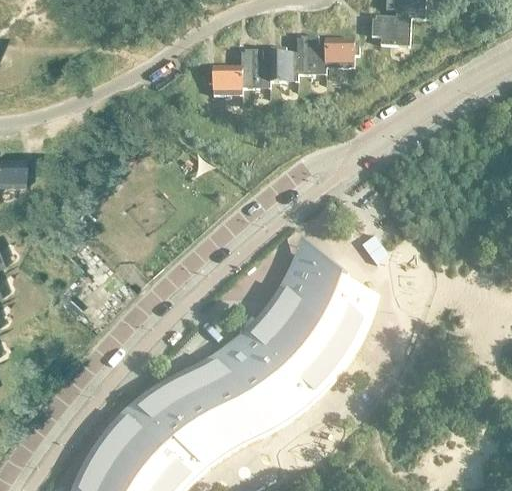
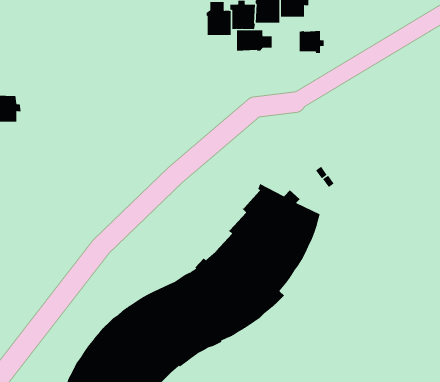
building: [207,64,241,94] -> none
building: none -> [236,29,272,51]
building: none -> [299,30,324,54]

